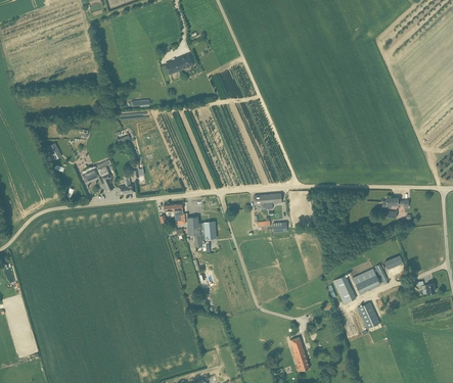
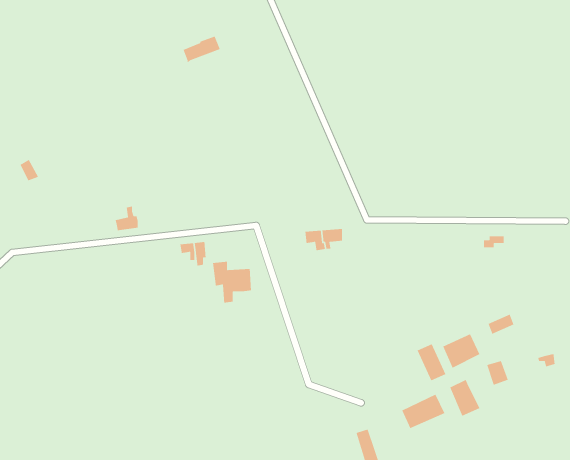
building: [82,159,114,191] -> none
building: none -> [401,394,446,429]

